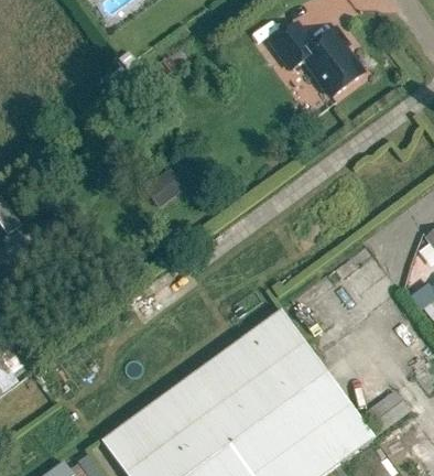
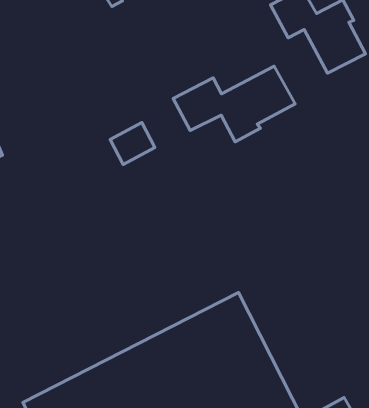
building: none -> [173,66,295,142]

